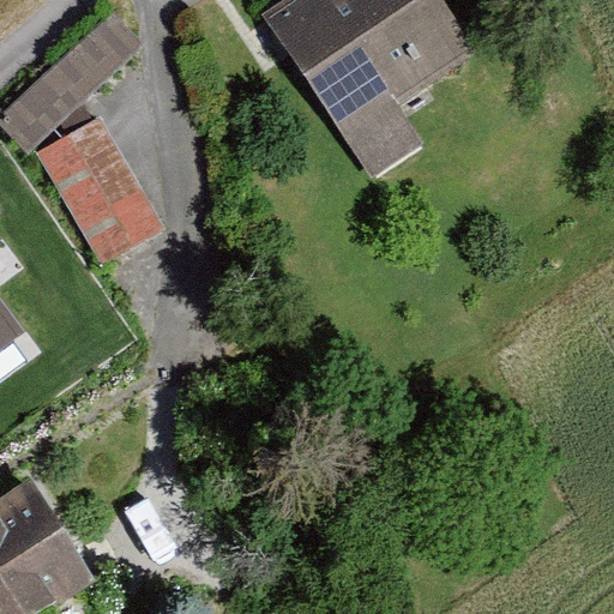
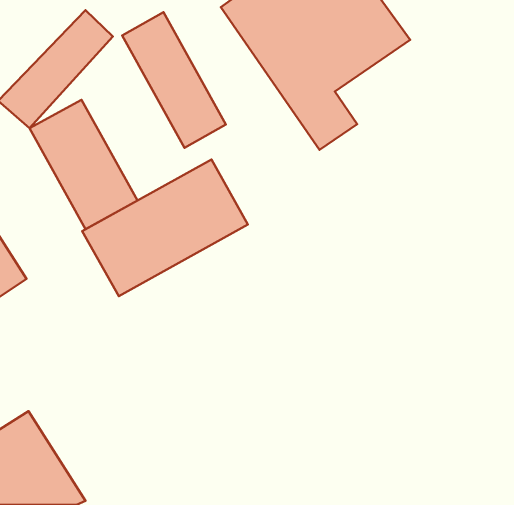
building: none -> [122,12,226,148]
building: none -> [82,159,248,296]

